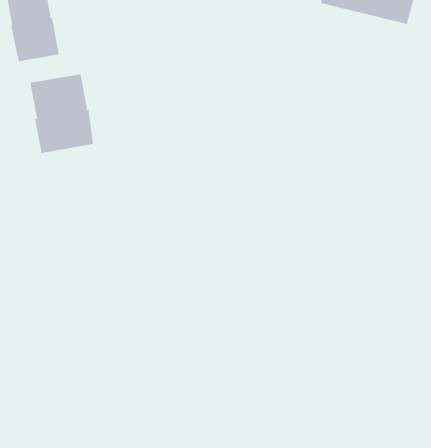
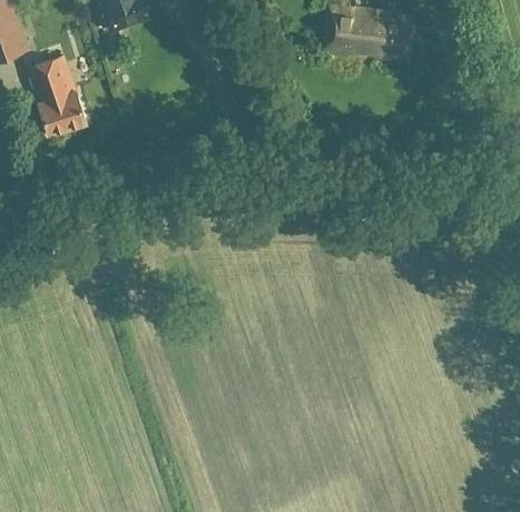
building: [30,74,93,154] -> none

